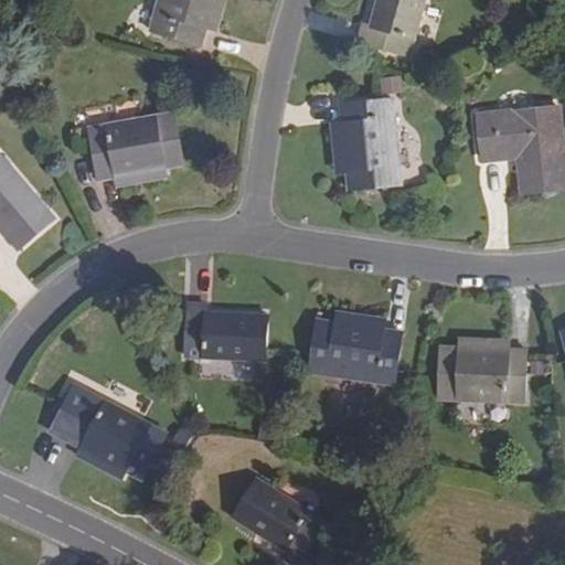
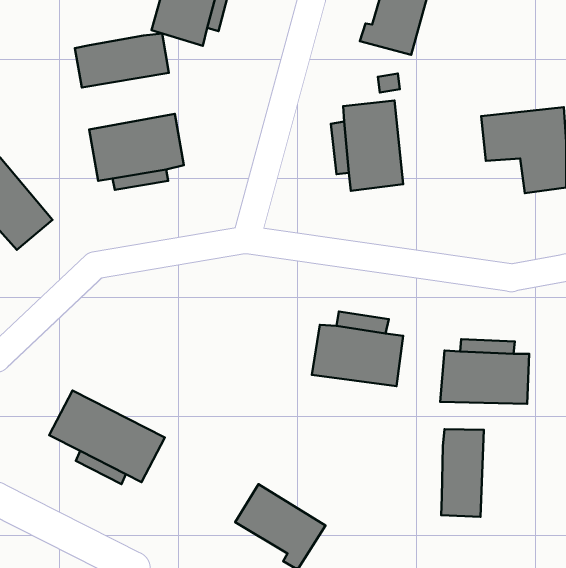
building: none -> [75,33,169,88]
building: [184,302,266,359] -> none
building: none -> [441,429,484,517]

